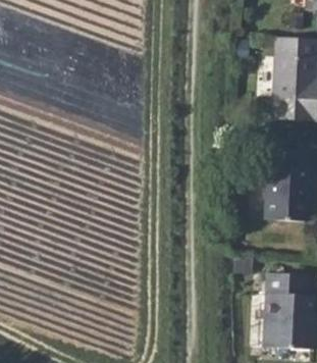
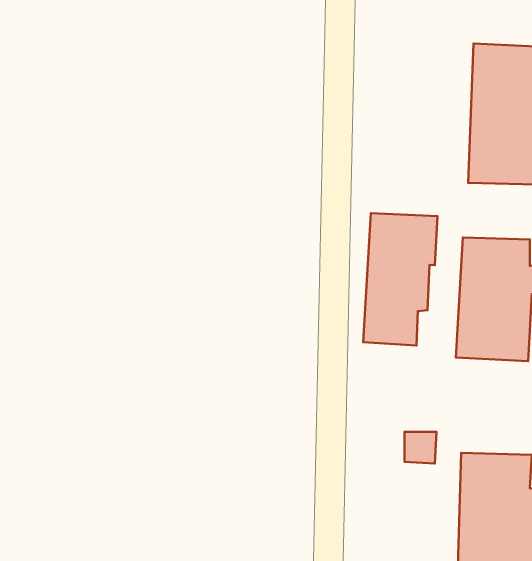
building: none -> [363,213,438,346]

